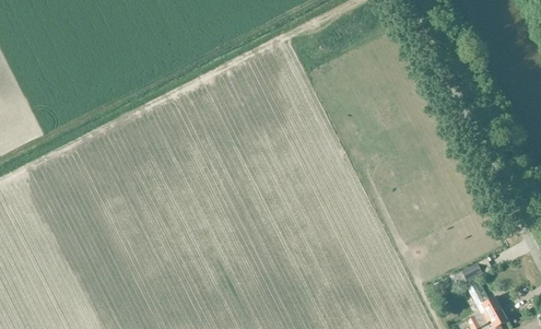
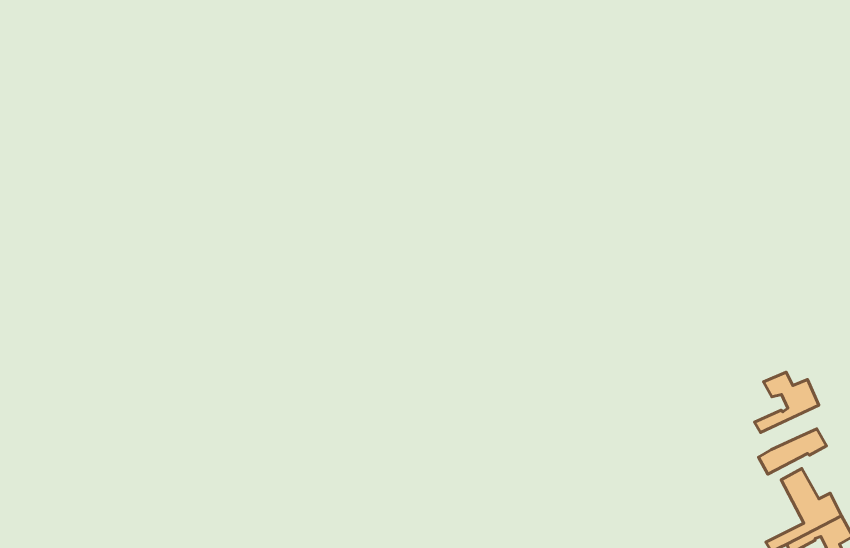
building: none -> [754,372,819,433]

